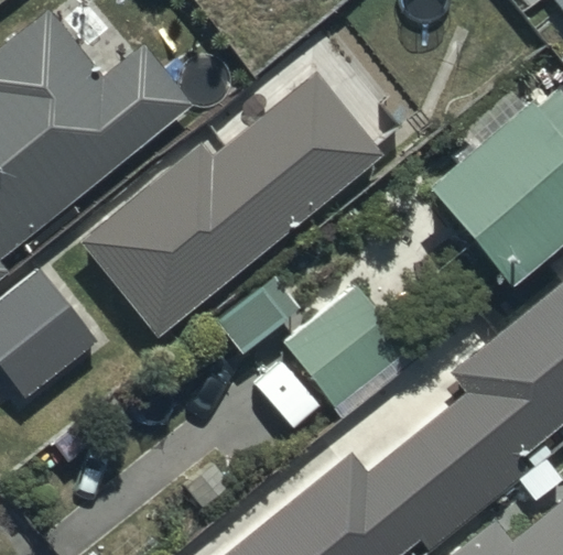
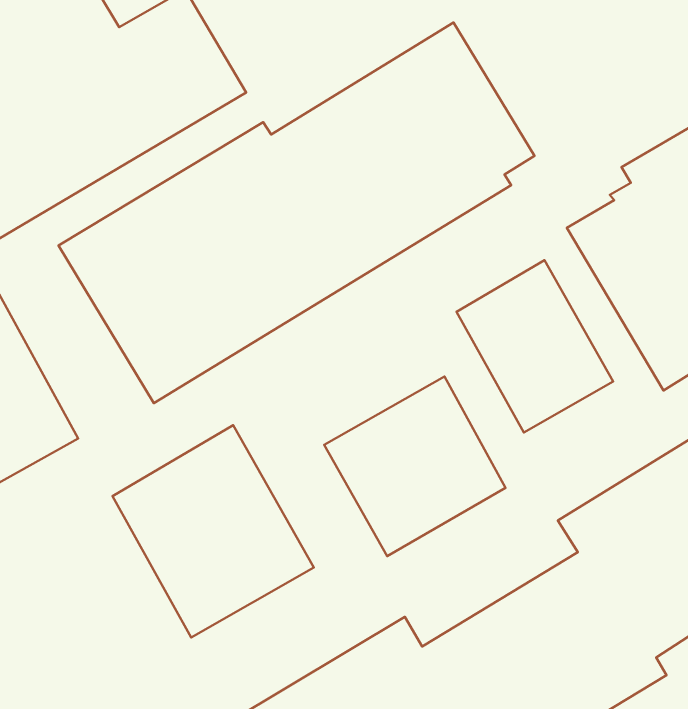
building: none -> [456,260,613,433]
building: none -> [112,425,314,638]

